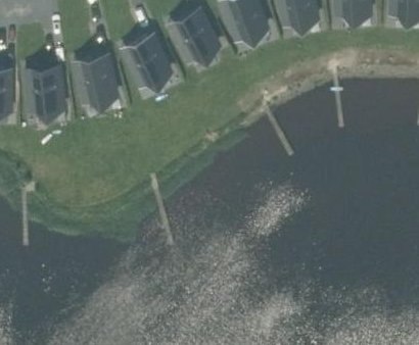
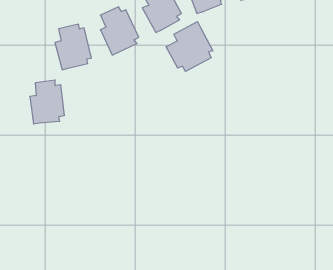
building: none -> [166,22,213,71]
building: [27,66,65,115] -> [30,80,64,124]

